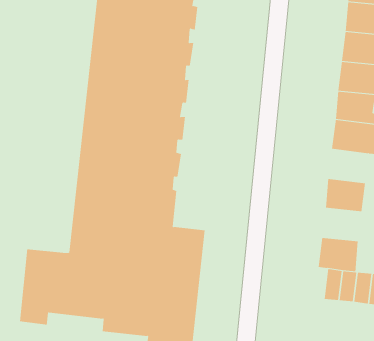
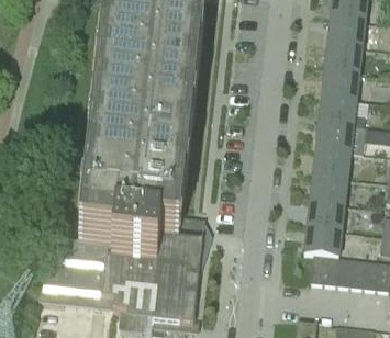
building: none -> [314,147,350,178]
building: none -> [309,200,345,229]

